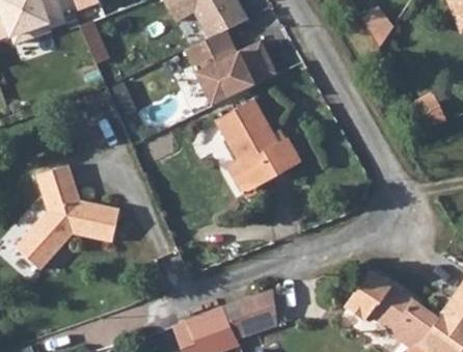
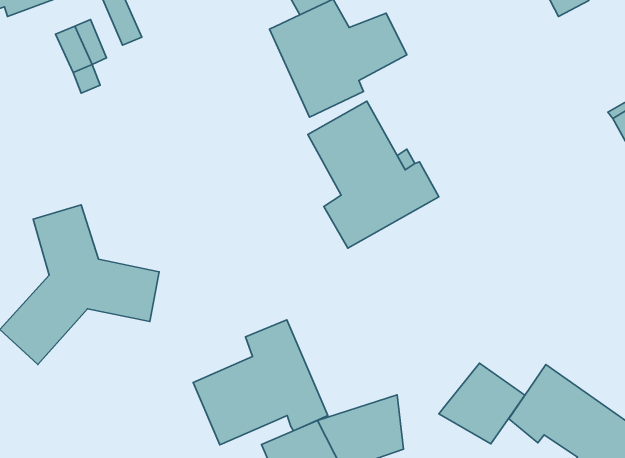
building: none -> [193,320,328,445]
building: none -> [439,363,525,444]

